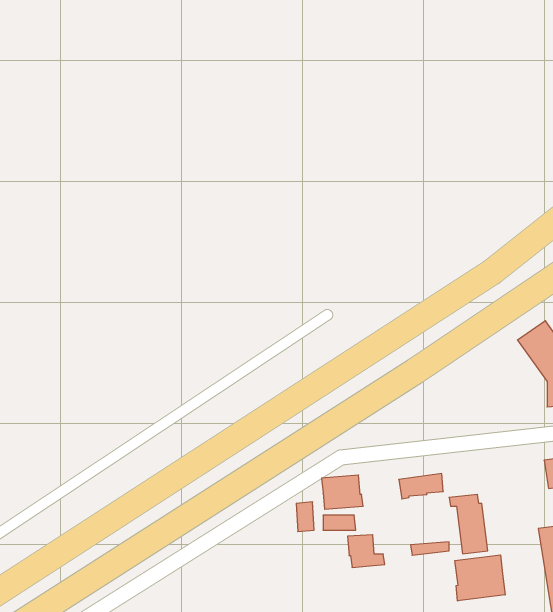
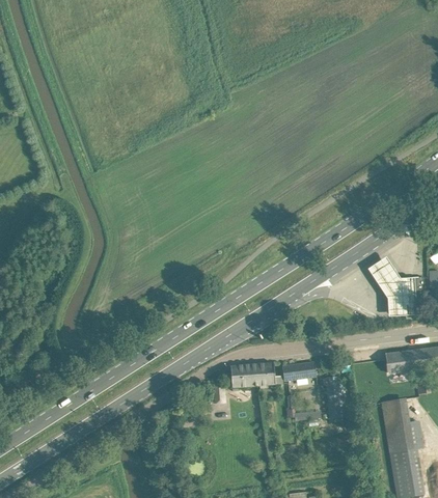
building: [348,535,385,567] -> [256,362,282,385]
building: [455,555,505,601] -> none

